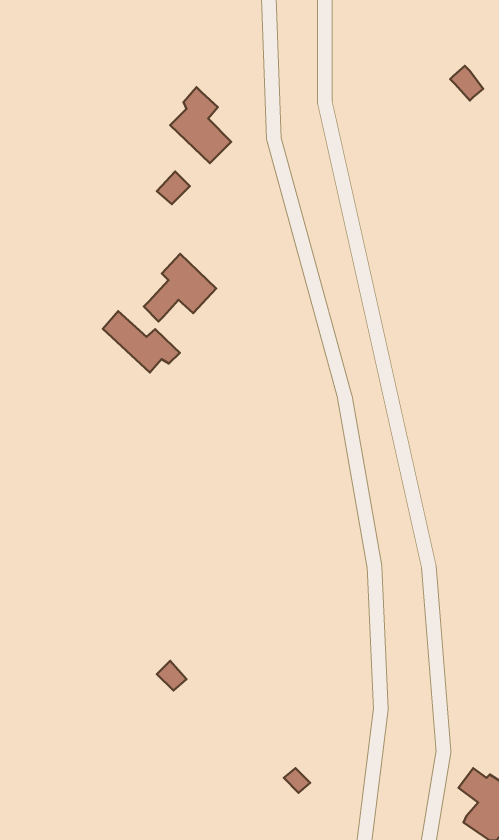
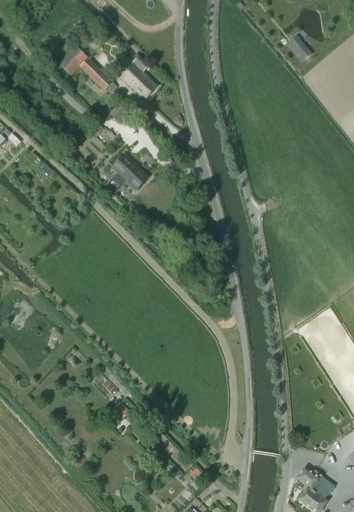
building: none -> [58,44,112,90]
building: [103,311,180,373] -> none

